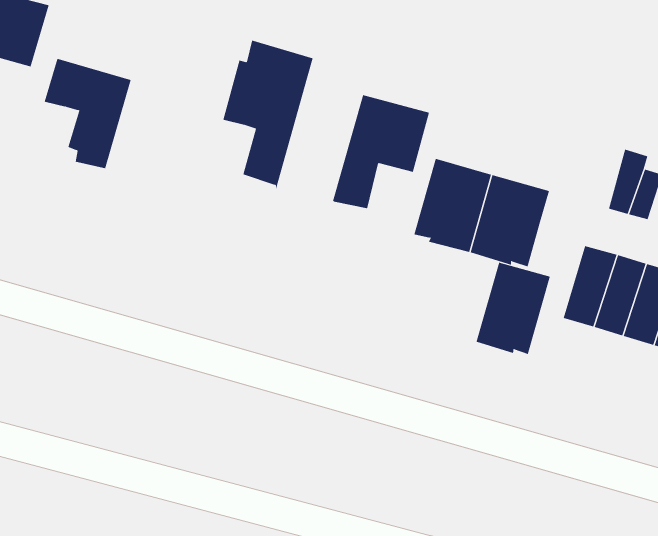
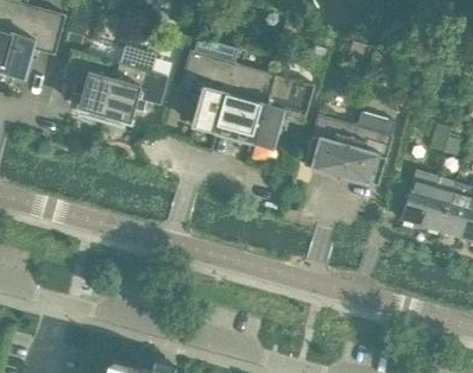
building: none -> [102,44,168,127]
building: none -> [214,62,270,144]
building: [476,262,550,355] -> none

